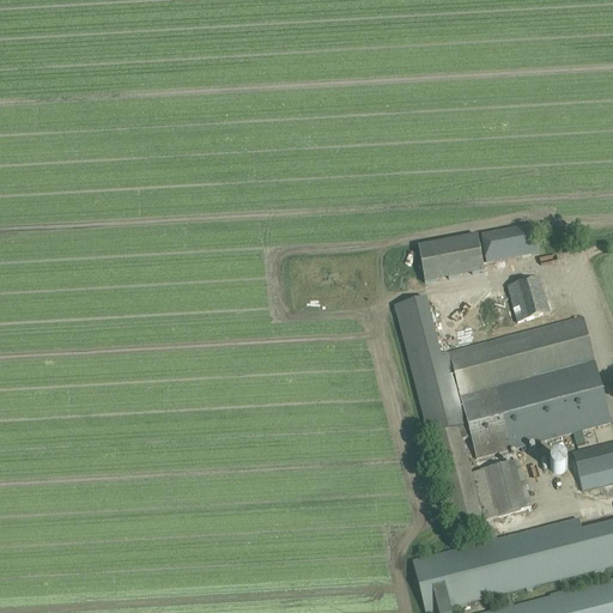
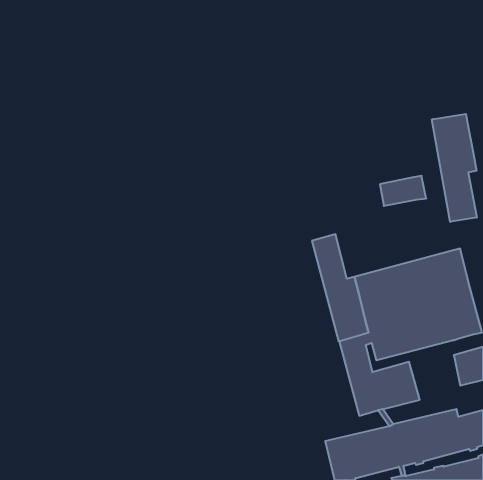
building: none -> [432,114,477,222]
building: [418,233,484,281] -> none
building: [506,275,550,321] -> none

